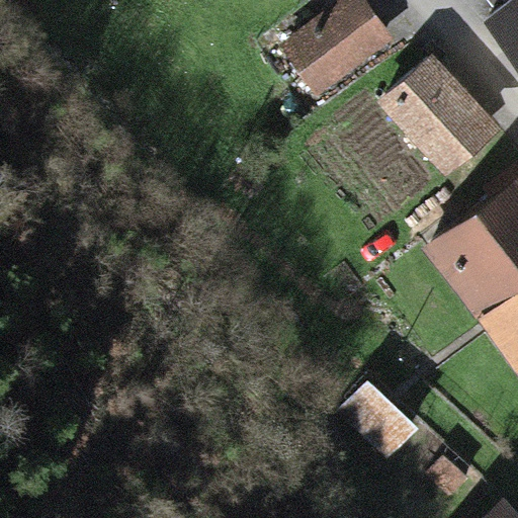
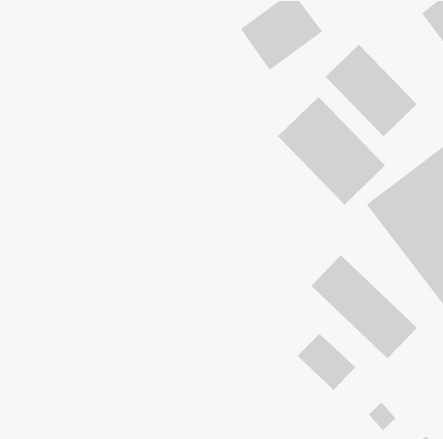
building: none -> [277,96,386,205]
building: none -> [310,254,418,359]

